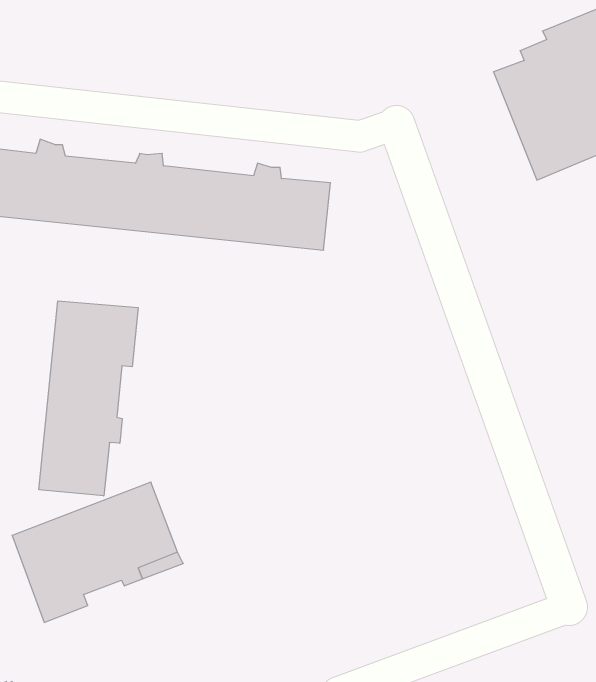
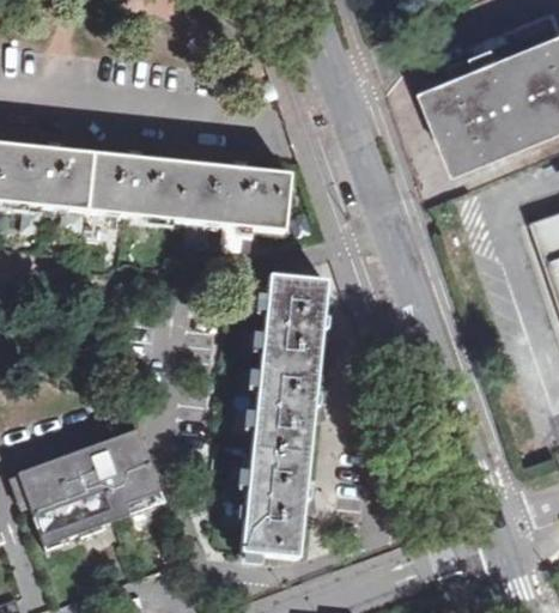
building: [39,301,138,496] -> none
building: none -> [242,275,333,557]

